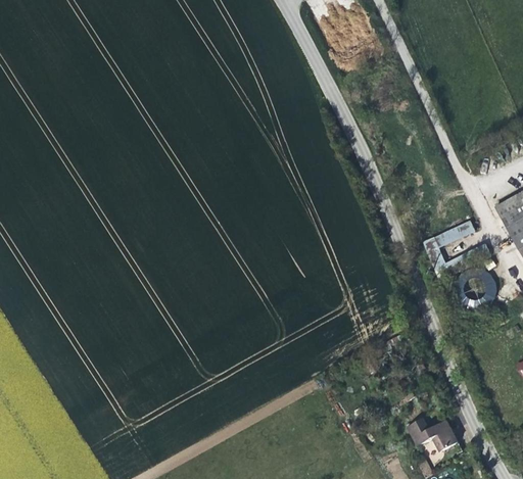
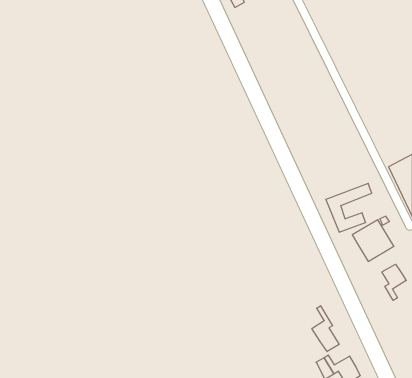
building: none -> [382,264,406,300]
building: none -> [312,306,339,352]

